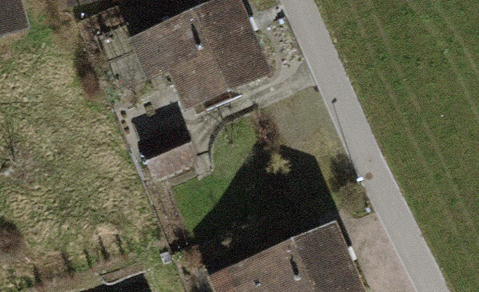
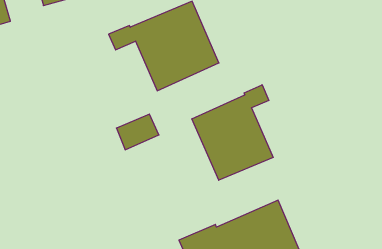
building: none -> [192,85,273,180]

